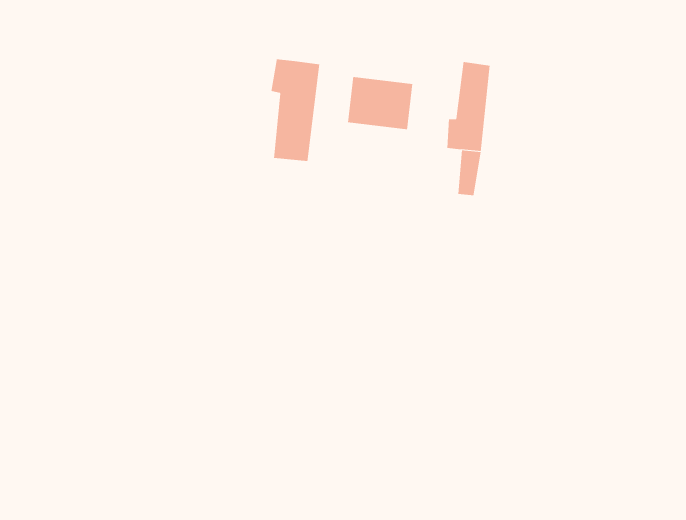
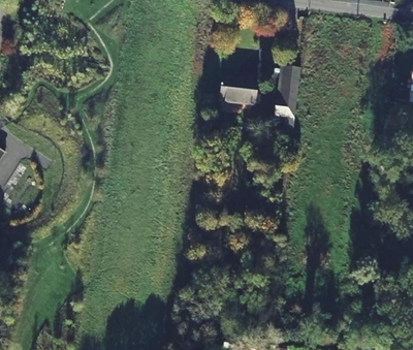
building: [271,59,320,162] -> none

